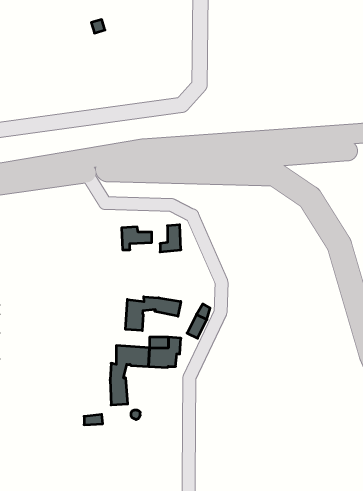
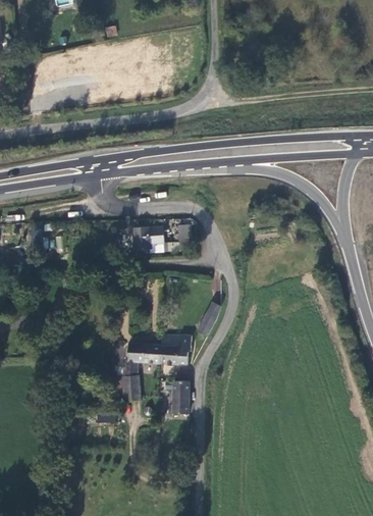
building: [126,297,181,331] -> none
building: none -> [168,380,189,415]

